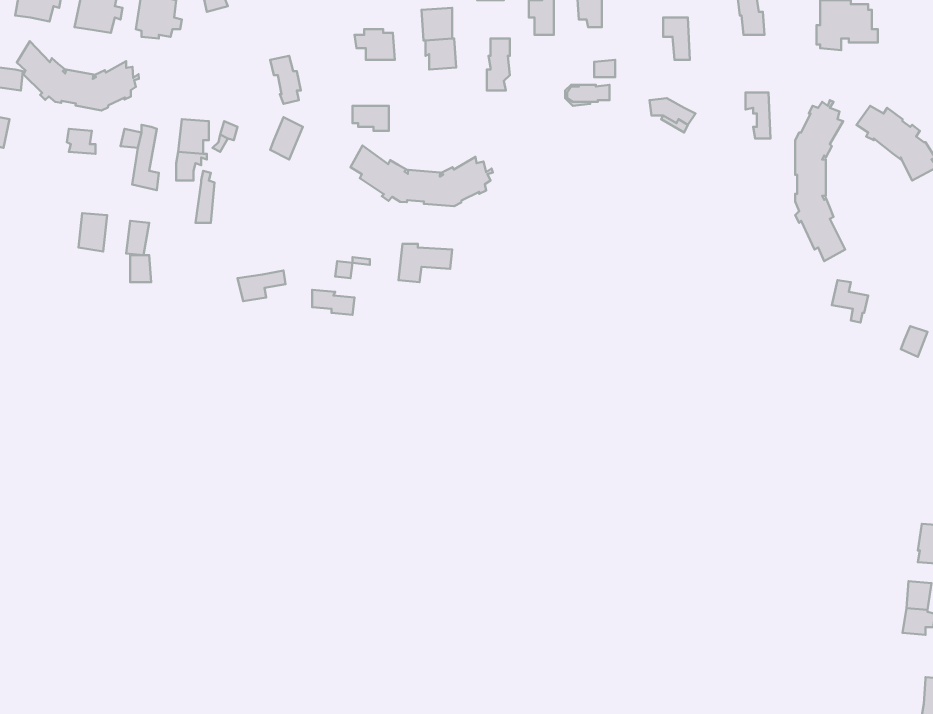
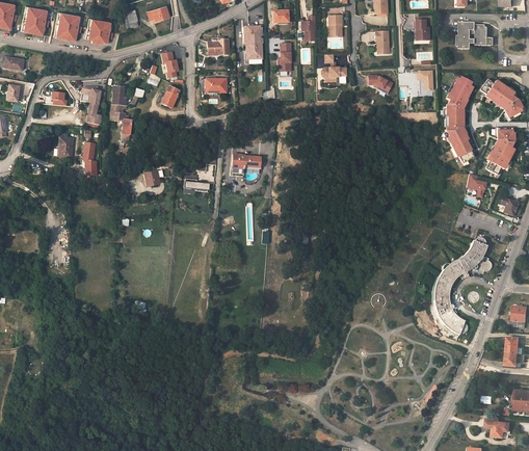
building: [17,41,139,110] -> none
building: [351,146,493,206] -> none
building: none -> [484,128,513,175]
building: none -> [428,237,492,335]

